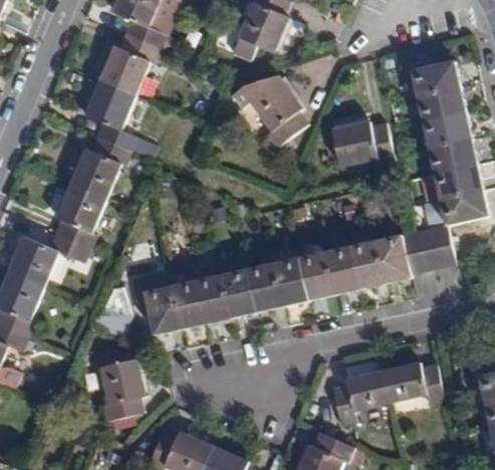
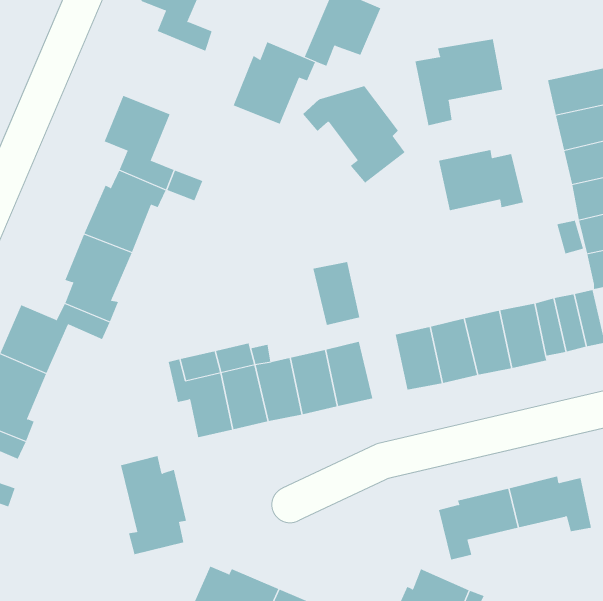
building: [98,34,160,95] -> [233,42,316,125]
building: none -> [415,39,503,126]
building: [273,258,308,305] -> [313,262,360,326]

